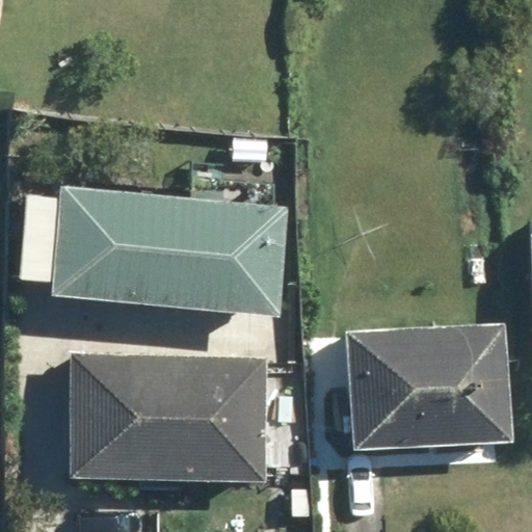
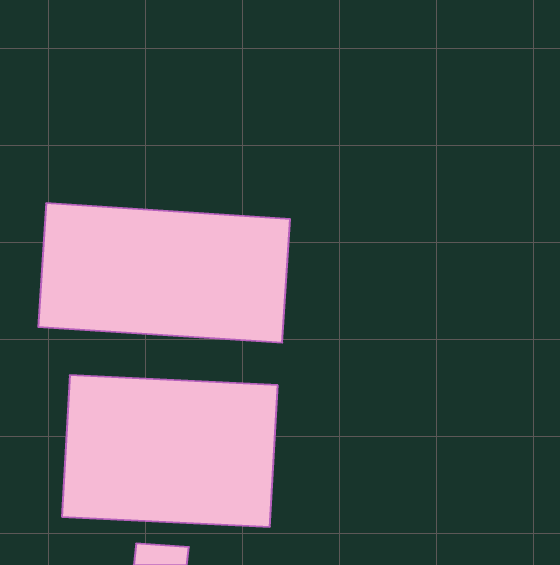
building: [347,323,509,451] -> none

